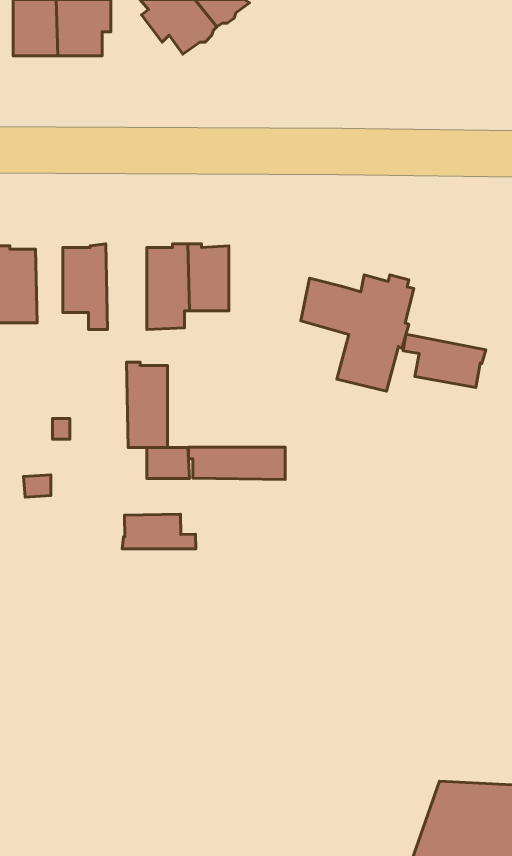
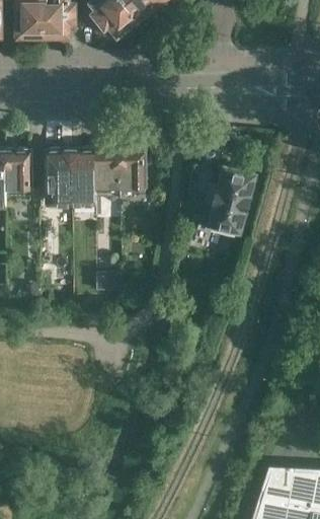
building: [403,334,486,387] -> none
building: [126,362,167,448] -> [71,149,95,200]
building: [189,447,285,480] -> none
building: [122,514,196,549] -> none

